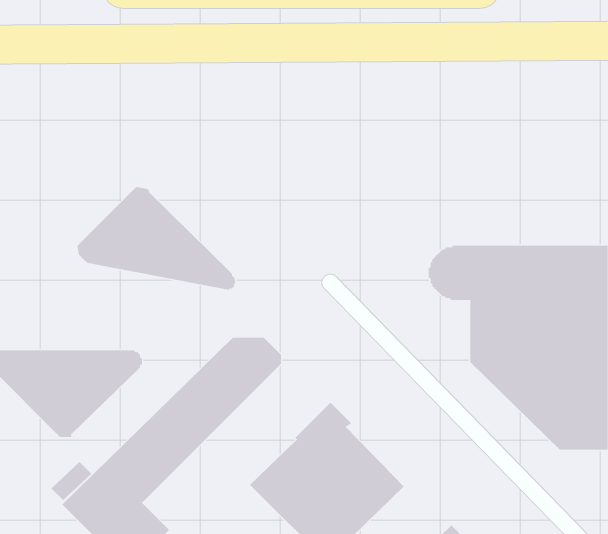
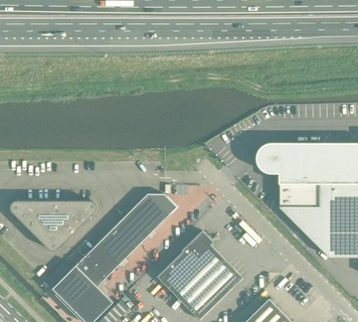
building: [77,186,236,291] -> none

